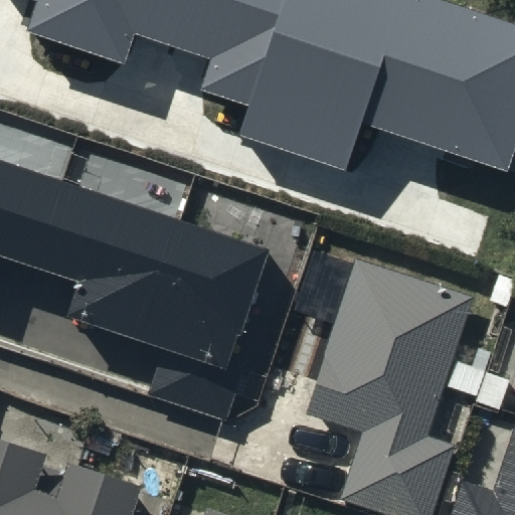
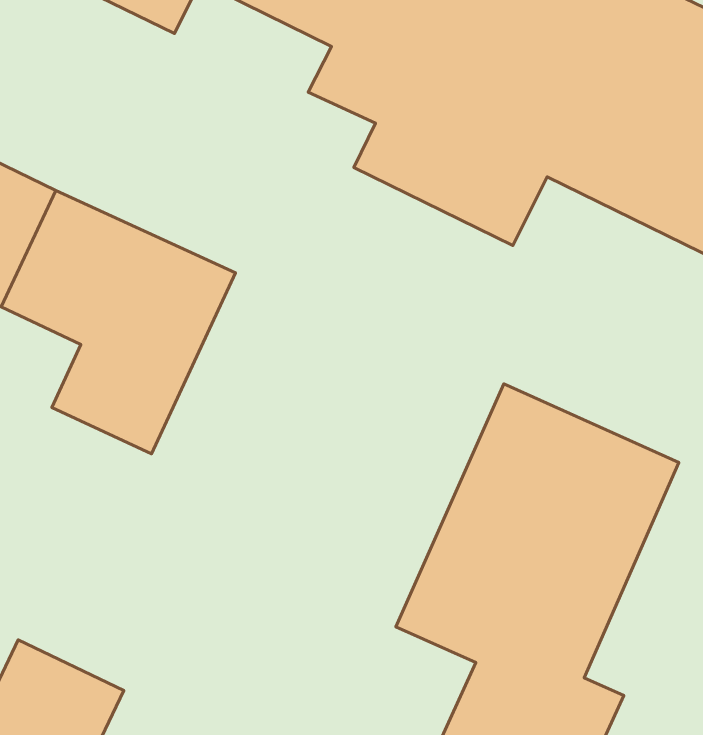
building: [139,209,259,402] -> none

